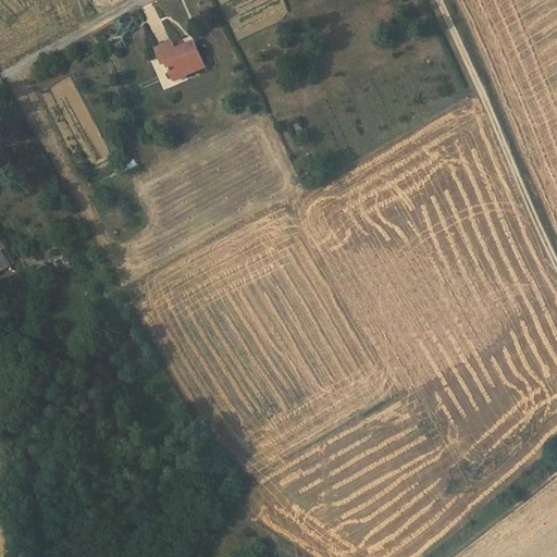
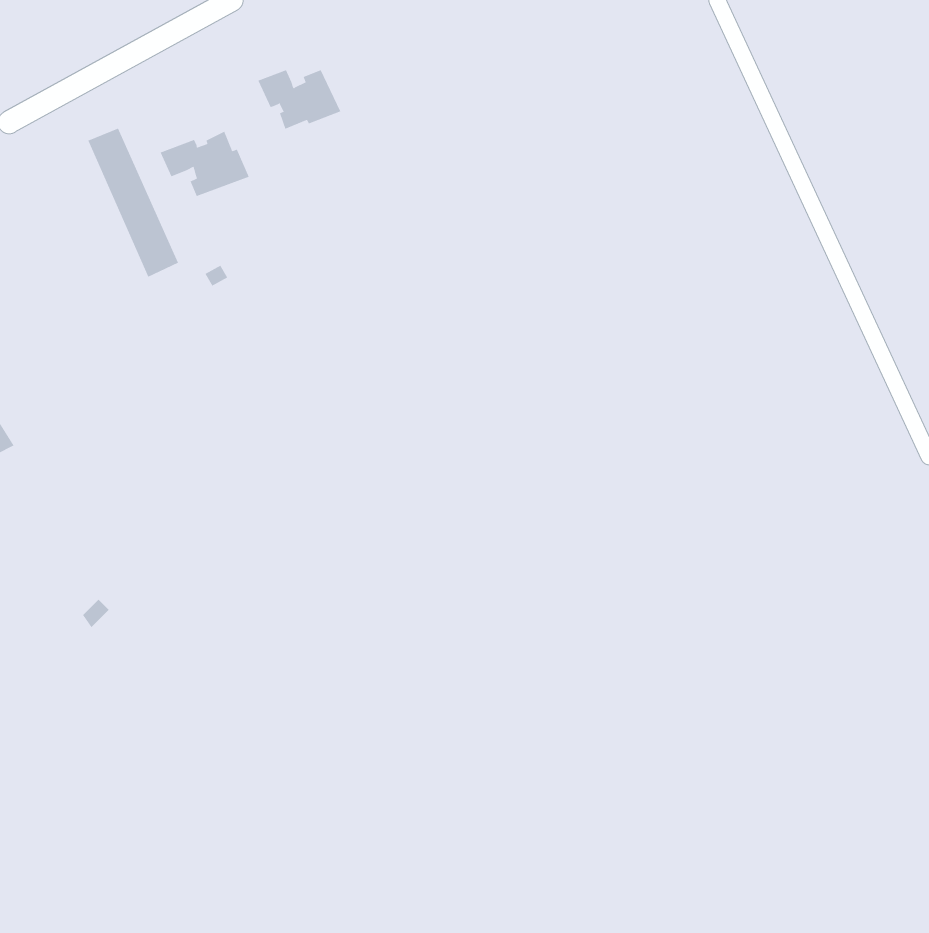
building: none -> [160,131,250,197]

